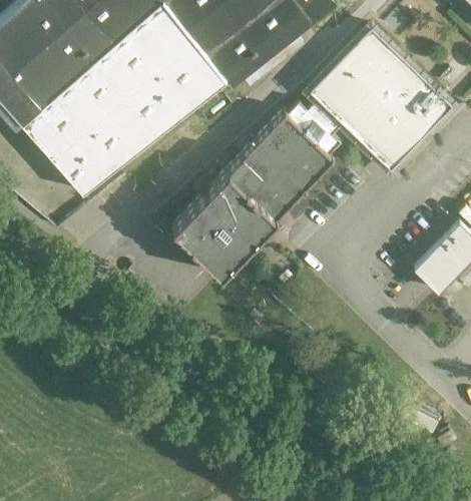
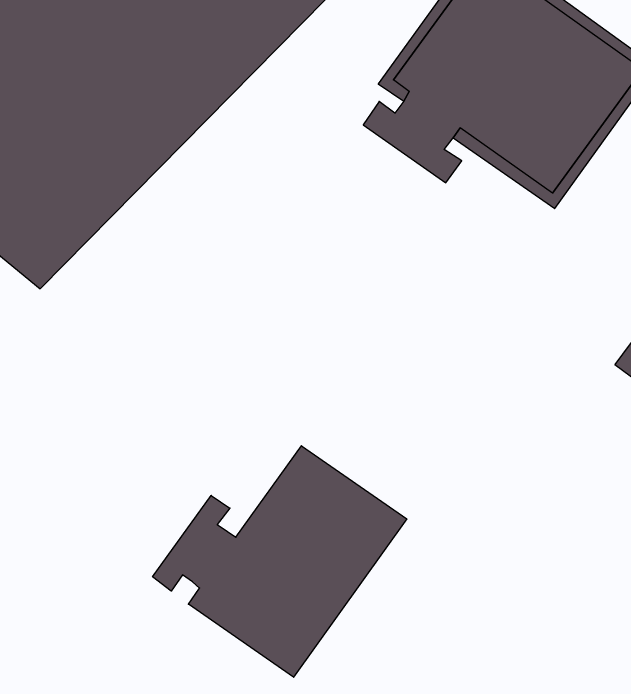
building: [168,114,331,279] -> none
building: none -> [153,446,407,677]

